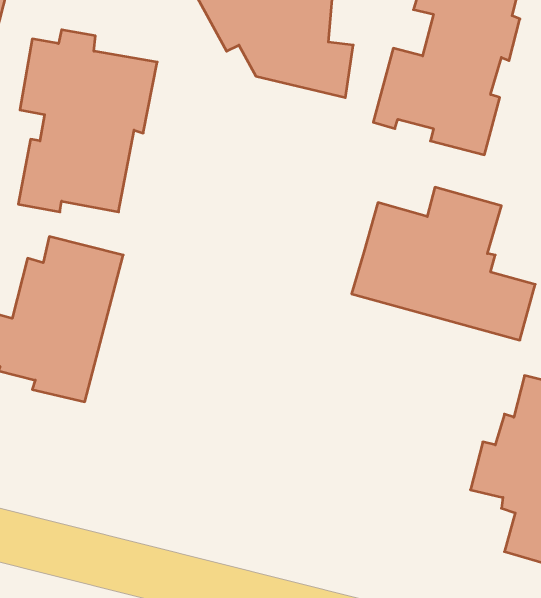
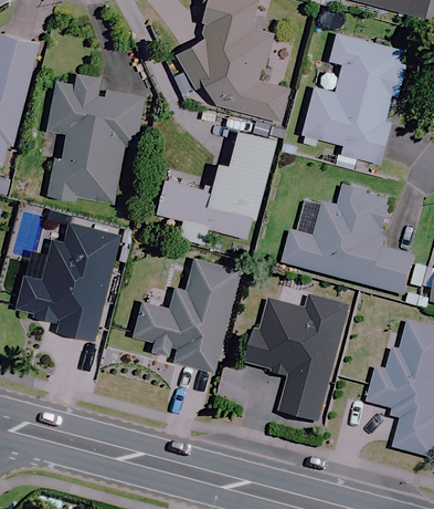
building: none -> [157,129,275,242]
building: none -> [134,257,241,372]
building: none -> [245,292,350,420]

